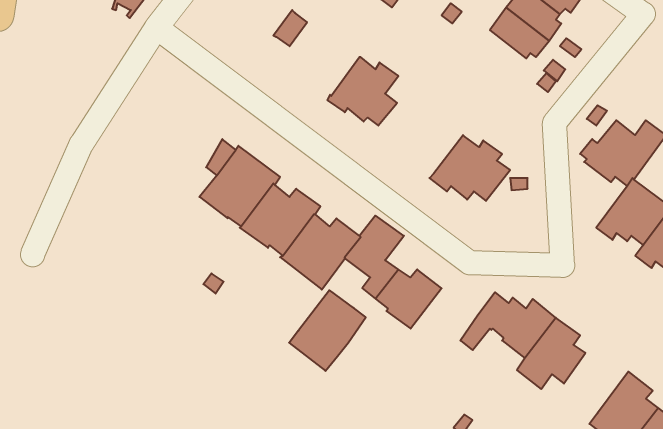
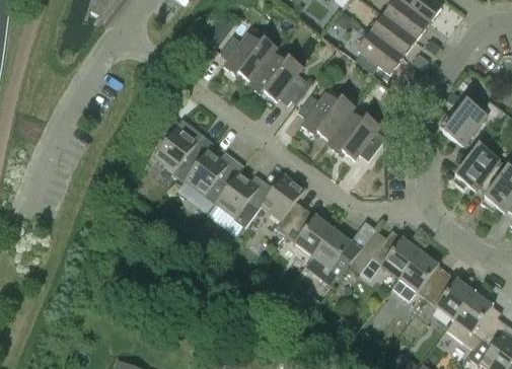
building: none -> [354,31,399,73]
building: none -> [219,32,277,81]
building: none -> [297,91,355,140]
building: [289,290,366,371] -> [304,226,362,287]
building: none -> [427,275,476,320]

